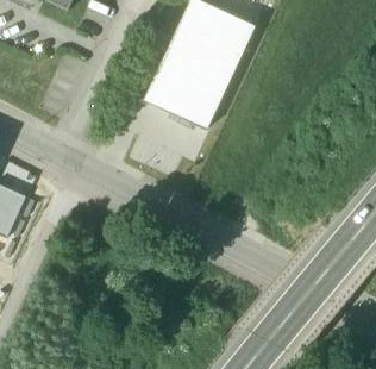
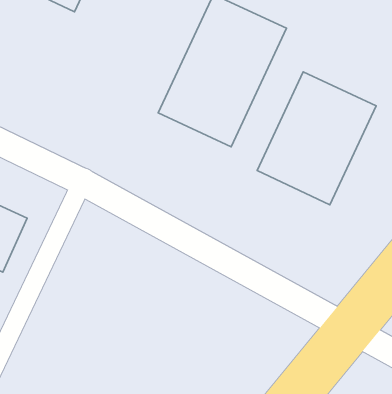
building: none -> [257,72,376,205]

